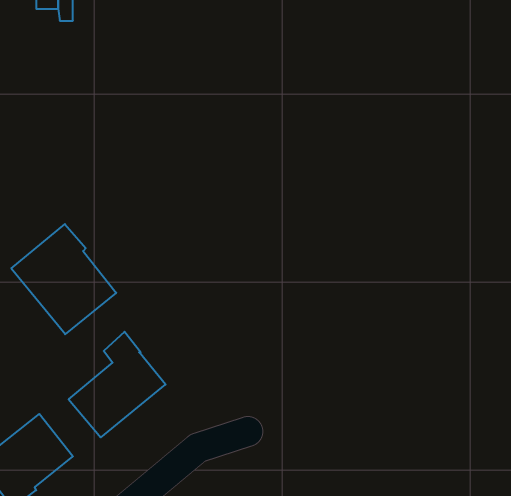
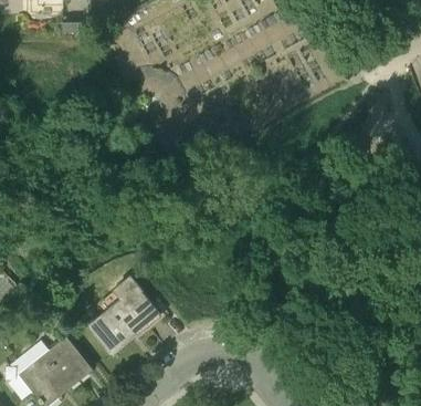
building: [11,224,116,334] -> none

